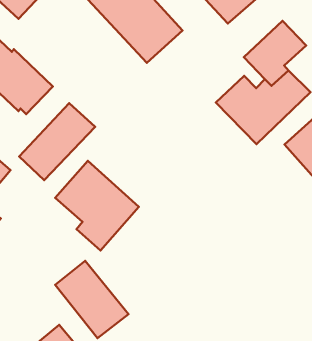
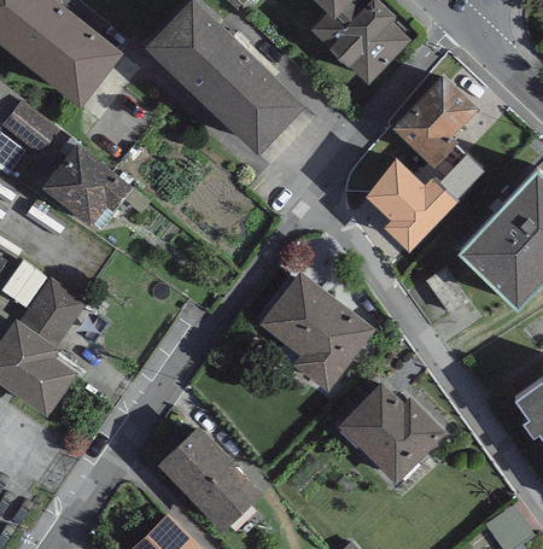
building: [19,103,95,180] -> none
building: [55,161,139,250] -> [258,274,374,396]
building: none -> [337,385,445,486]

